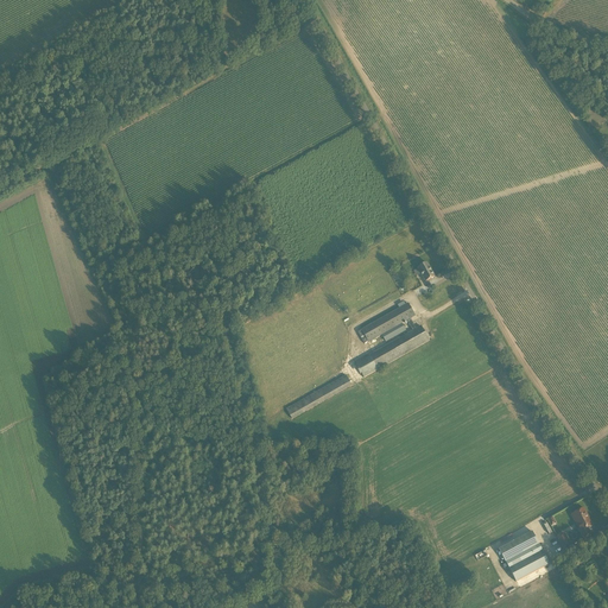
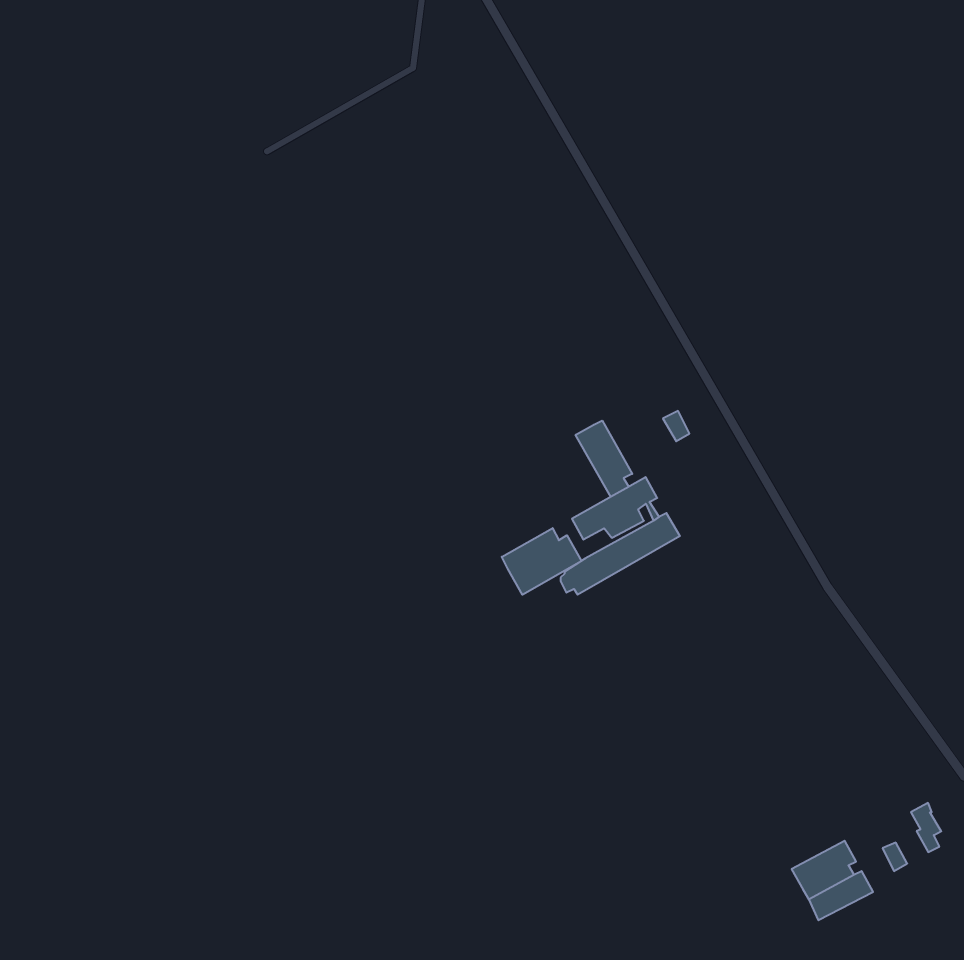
building: none -> [576,421,632,497]
building: none -> [502,528,581,595]

